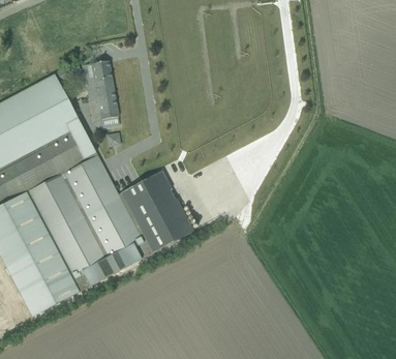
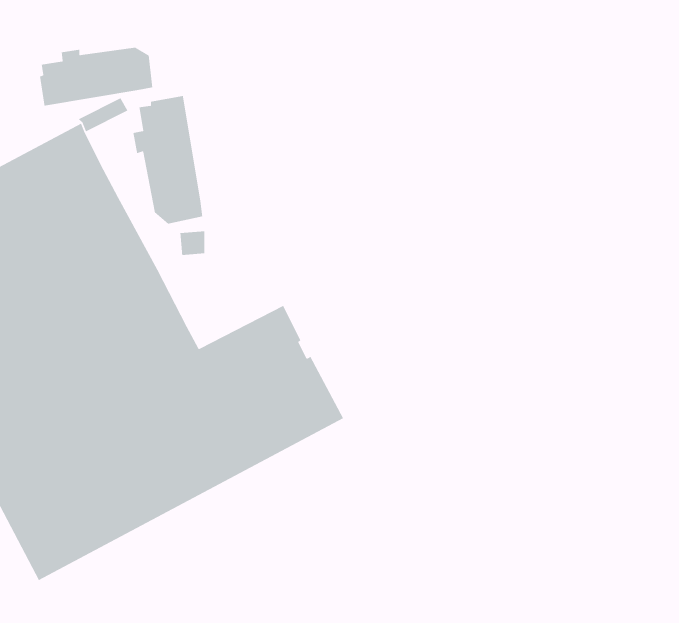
building: none -> [39,47,153,106]

